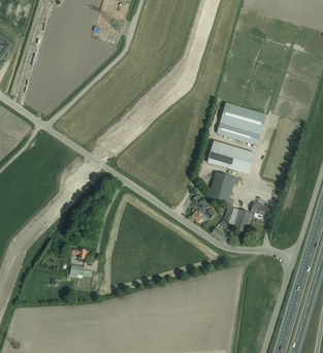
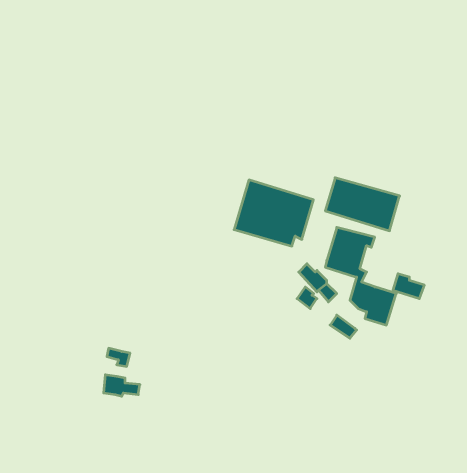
building: [216,101,265,142] -> [234,180,313,246]

